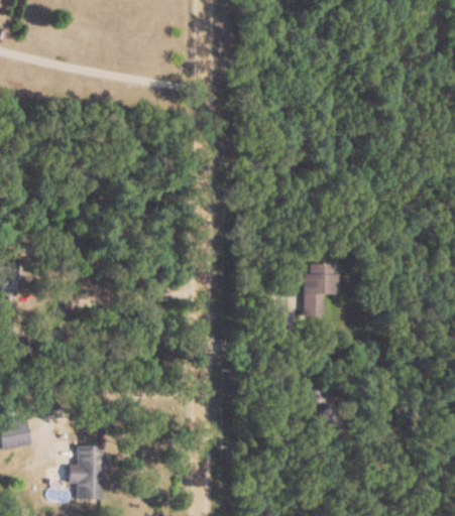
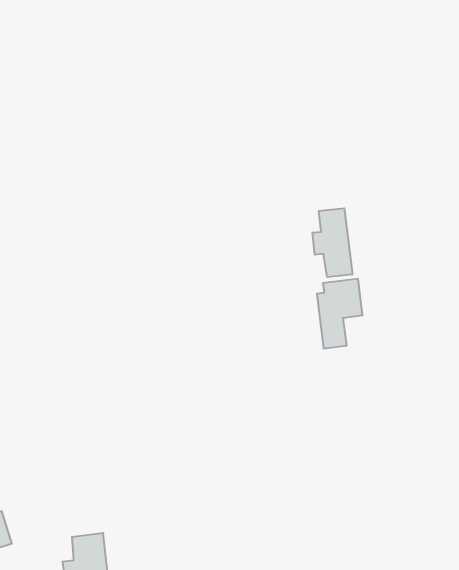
building: none -> [312,208,353,277]

